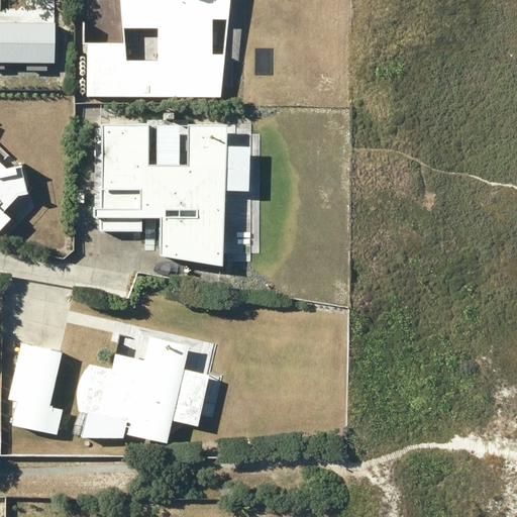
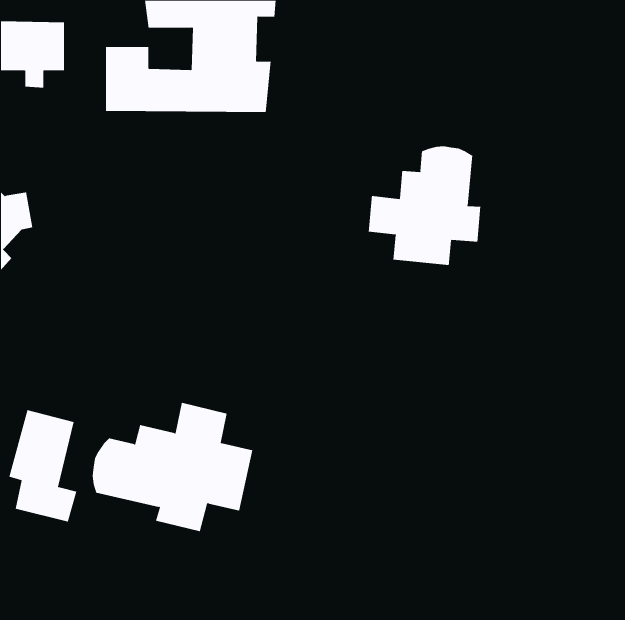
building: [94,123,250,264] -> none
building: none -> [368,145,481,266]

